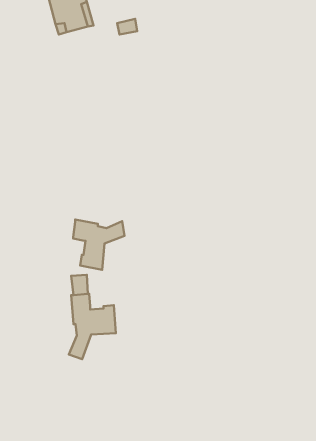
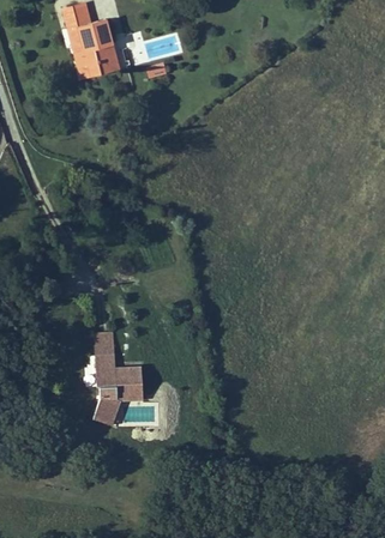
building: [73,219,125,270] -> none

